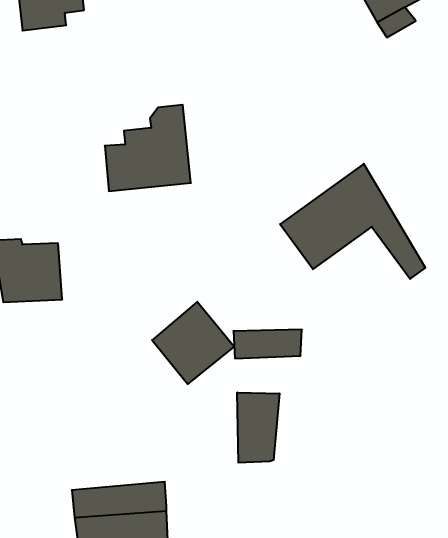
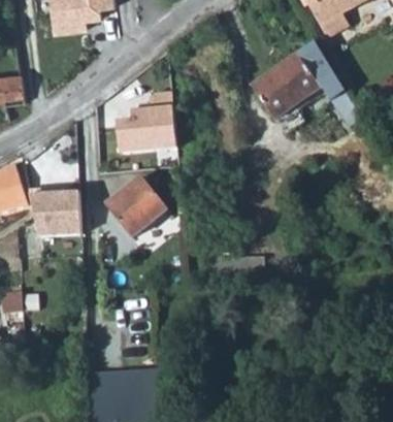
building: [280,164,425,279] -> [251,39,360,126]
building: [152,302,234,384] -> [106,175,168,237]
building: [237,392,280,463] -> none

